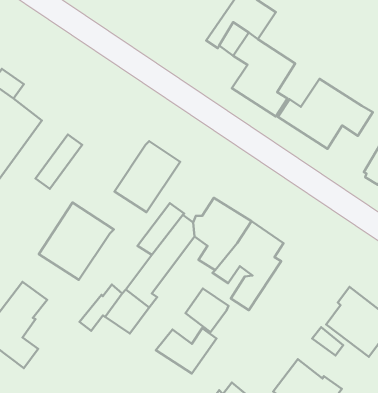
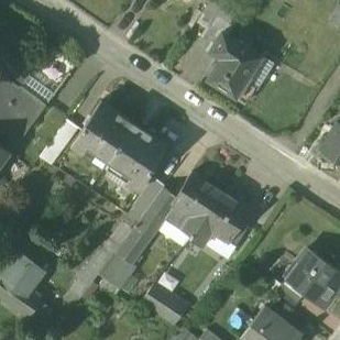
building: [278,79,373,149] -> none
building: [39,202,114,280] -> [73,101,136,167]
building: [186,288,229,332] -> none

